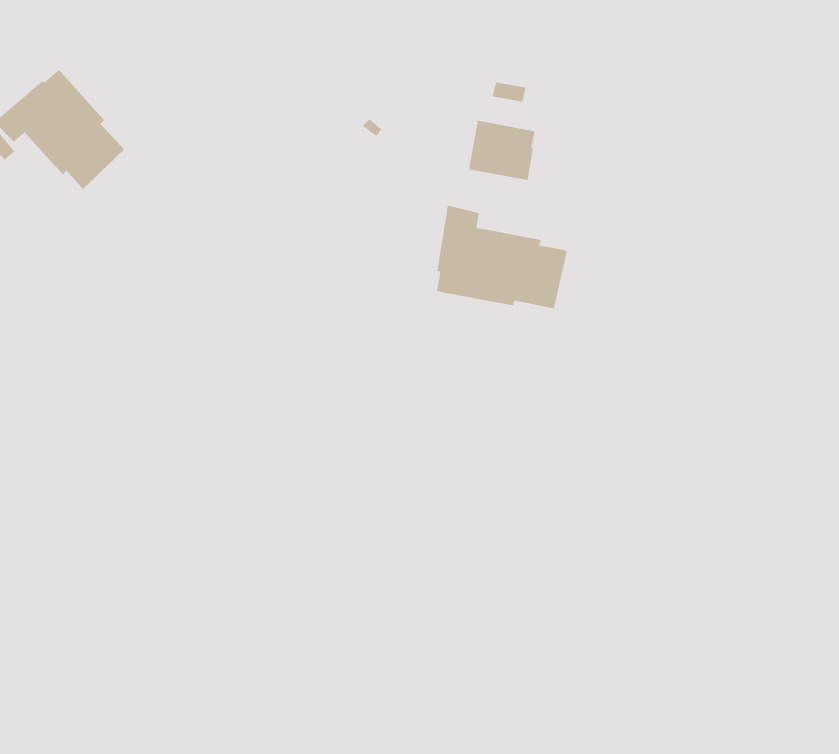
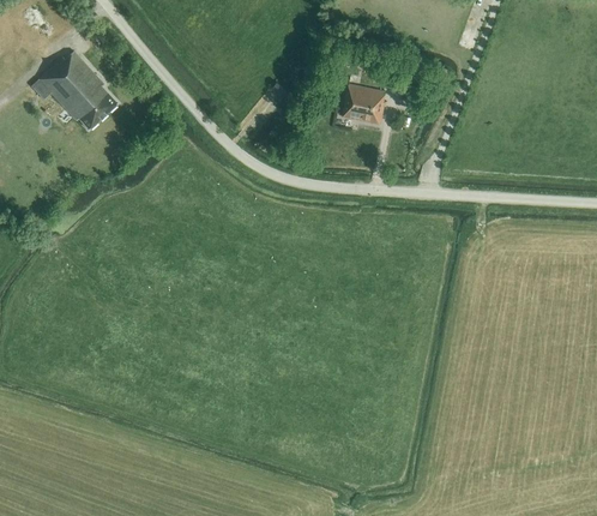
building: [436,205,567,309] -> none

